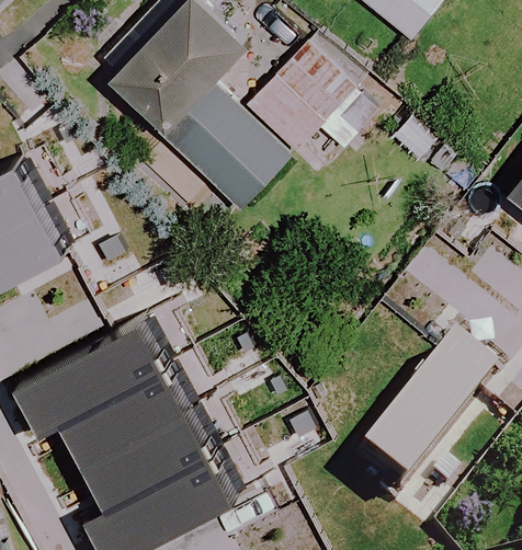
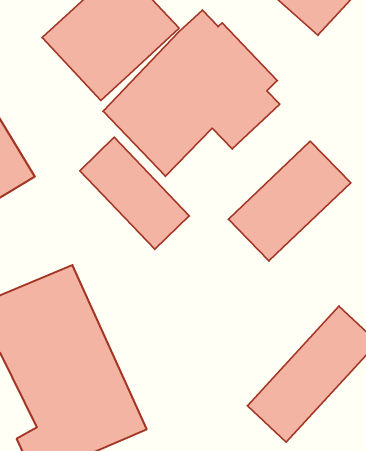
building: none -> [228,141,351,261]
building: none -> [80,137,189,249]

